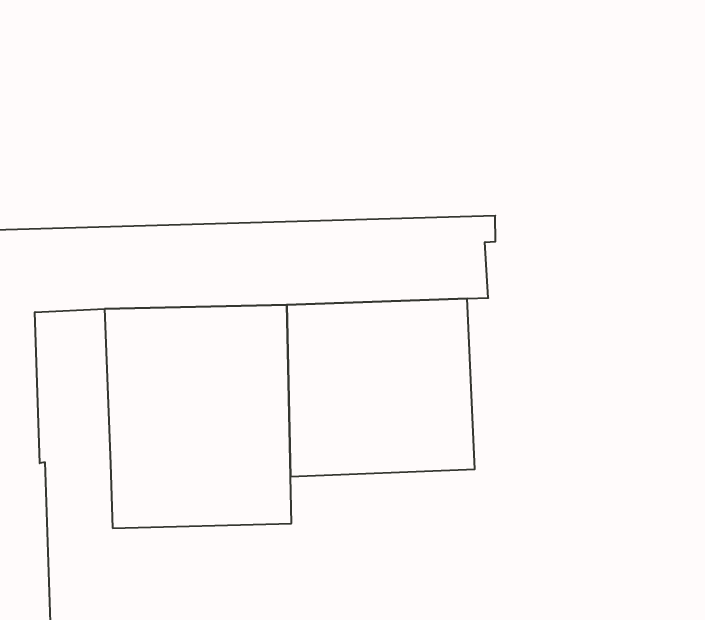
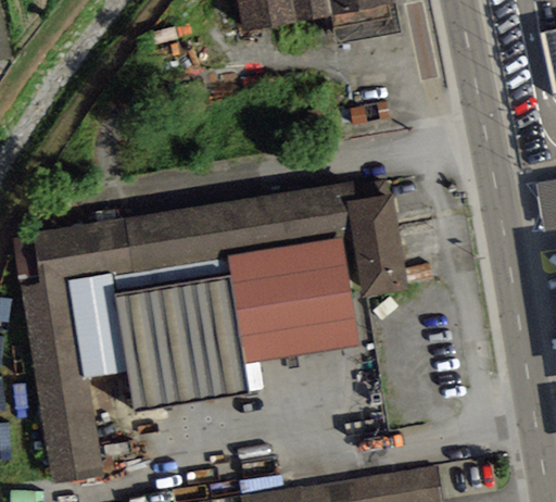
building: none -> [346,193,406,296]
building: none -> [70,274,129,376]

